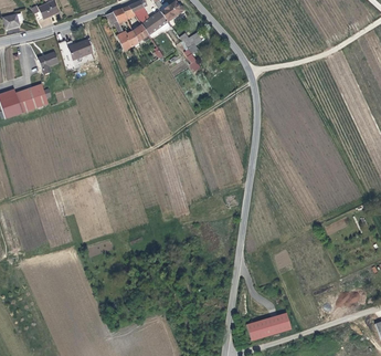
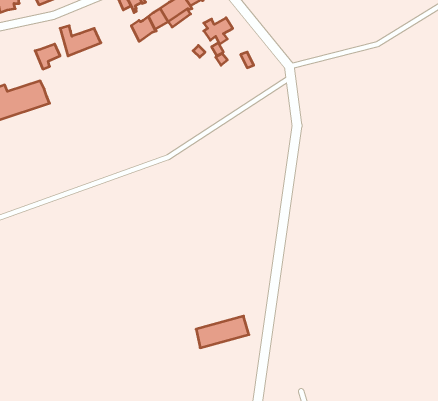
building: [247,313,292,339] -> [196,316,249,348]

